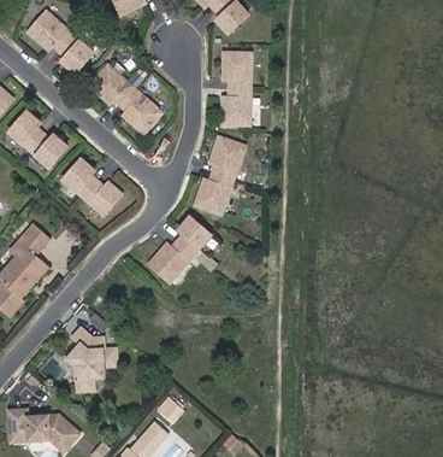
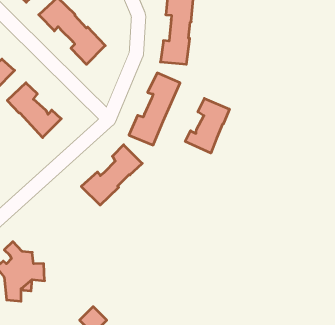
building: none -> [185,98,229,153]

